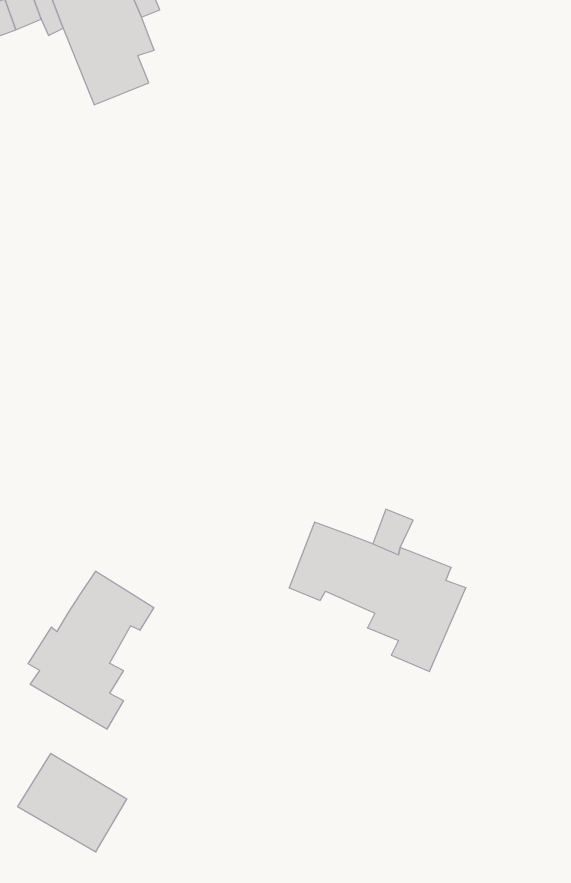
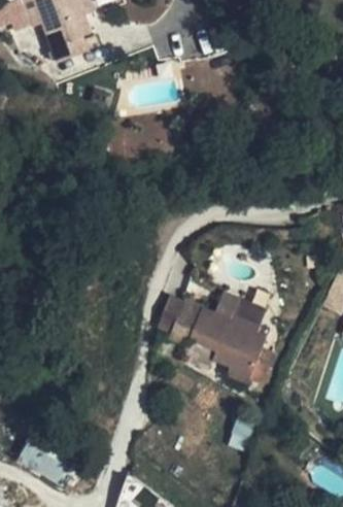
building: [28,571,154,729] -> none

